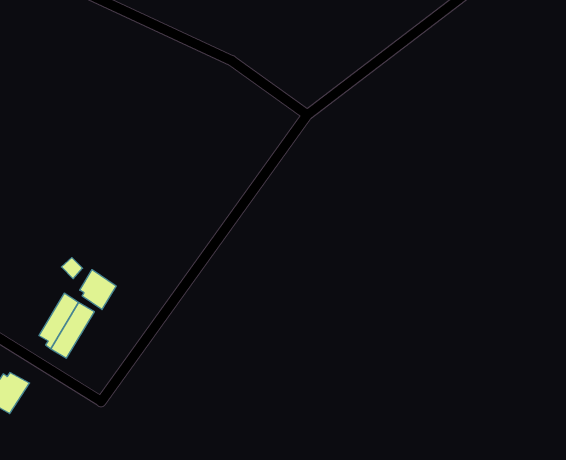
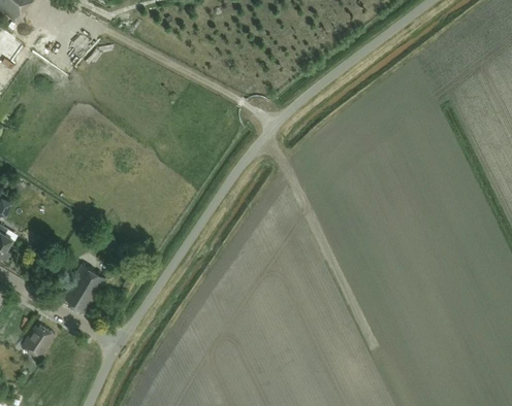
building: [80,270,116,310] -> none

